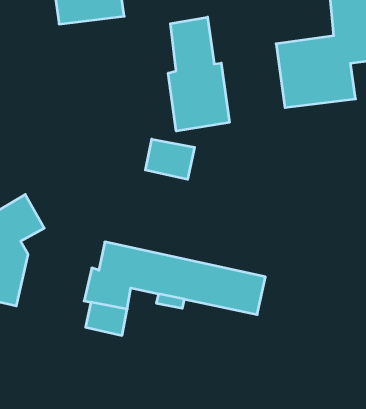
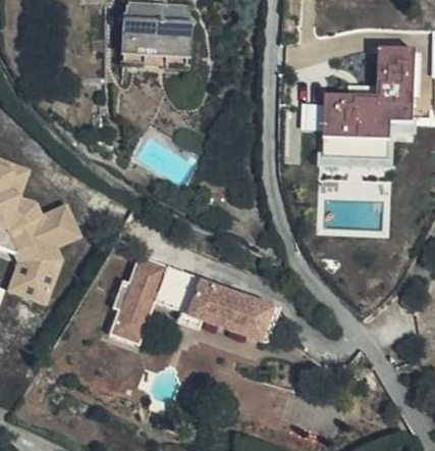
building: [168,17,229,131] -> none
building: [145,139,195,179] -> none

